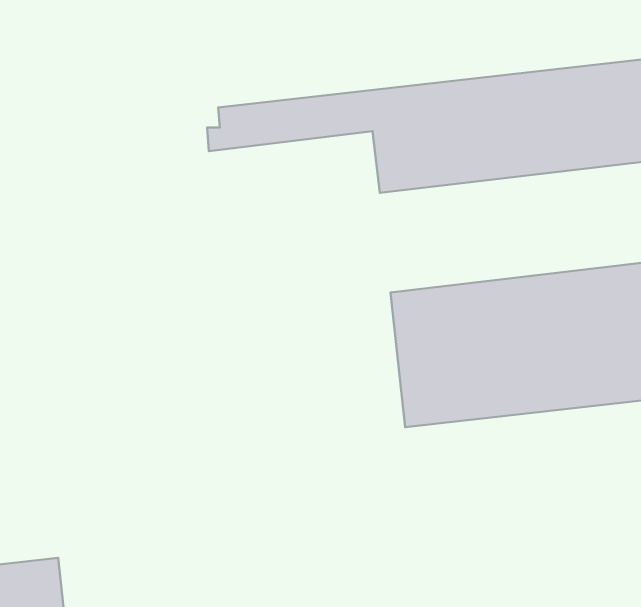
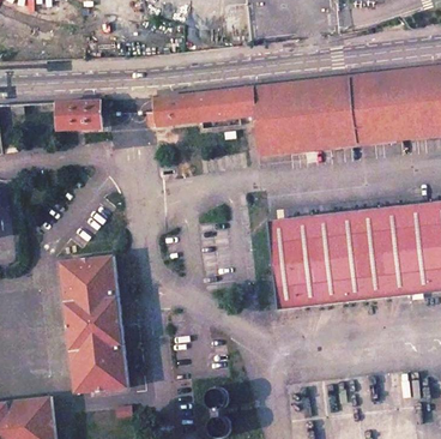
building: none -> [56,102,101,131]
building: none -> [59,253,127,392]

